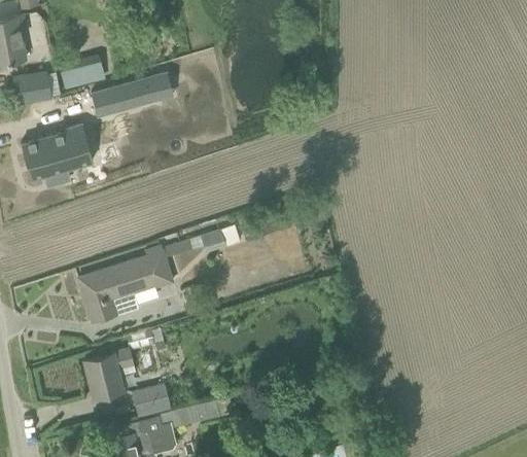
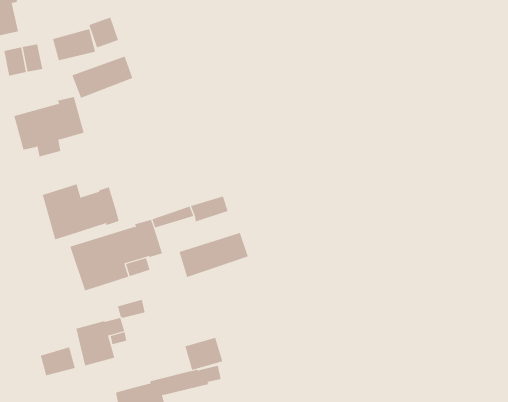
building: [134,75,165,107] -> [88,17,119,48]
building: none -> [42,184,119,240]
building: none -> [179,232,248,278]
building: none -> [40,346,76,376]
building: [131,383,170,417] -> [184,337,223,371]

